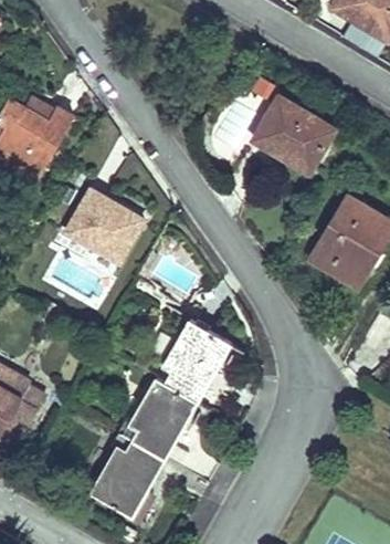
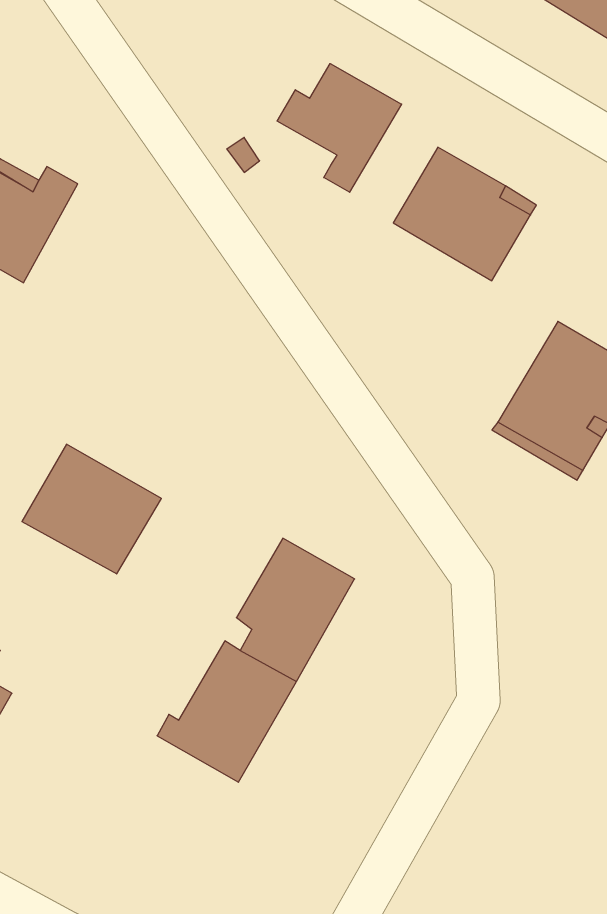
building: none -> [277,64,402,192]
building: [64,189,144,263] -> [22,444,161,574]
building: [91,432,165,521] -> none

